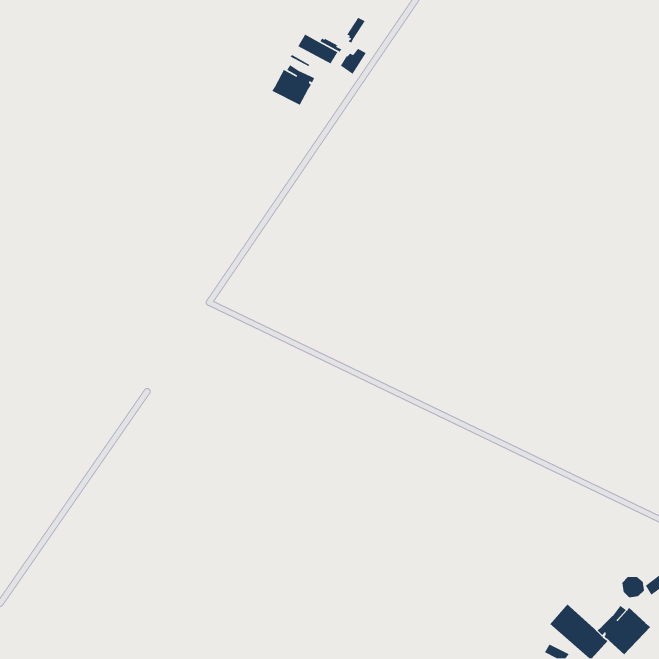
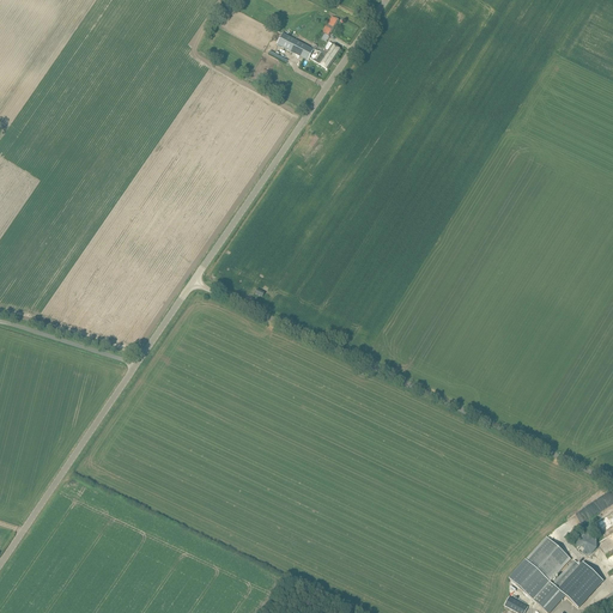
building: [271,64,315,106] -> none
building: none -> [527,536,572,582]

